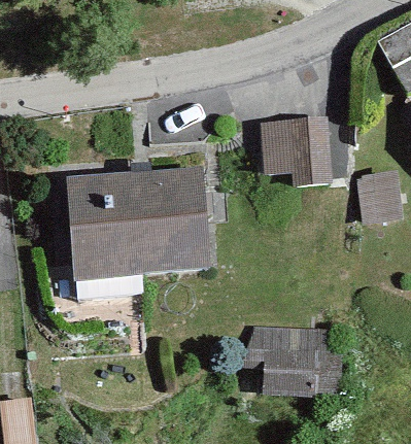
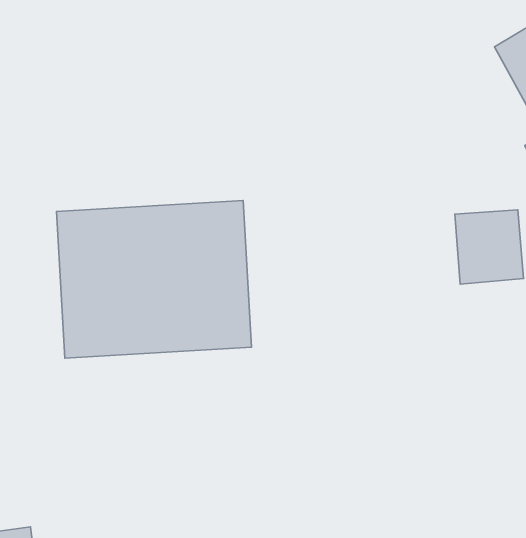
building: [251,115,324,184] -> none
building: [252,329,335,403] -> none

